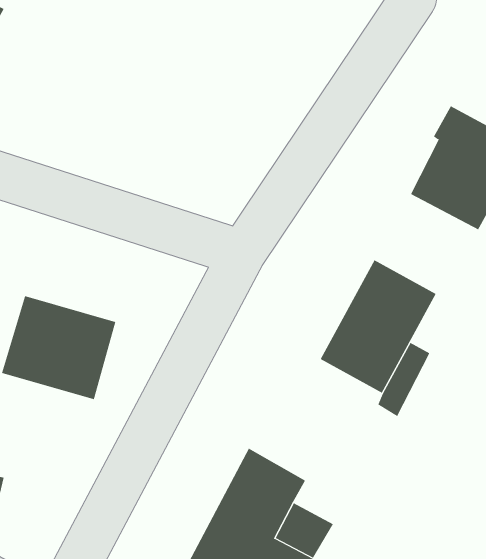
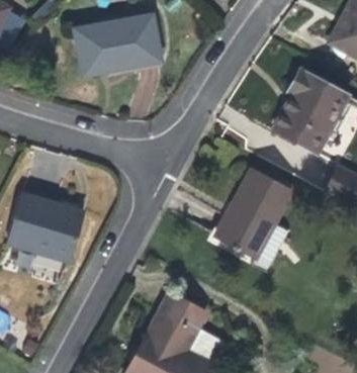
building: none -> [74,13,161,75]

